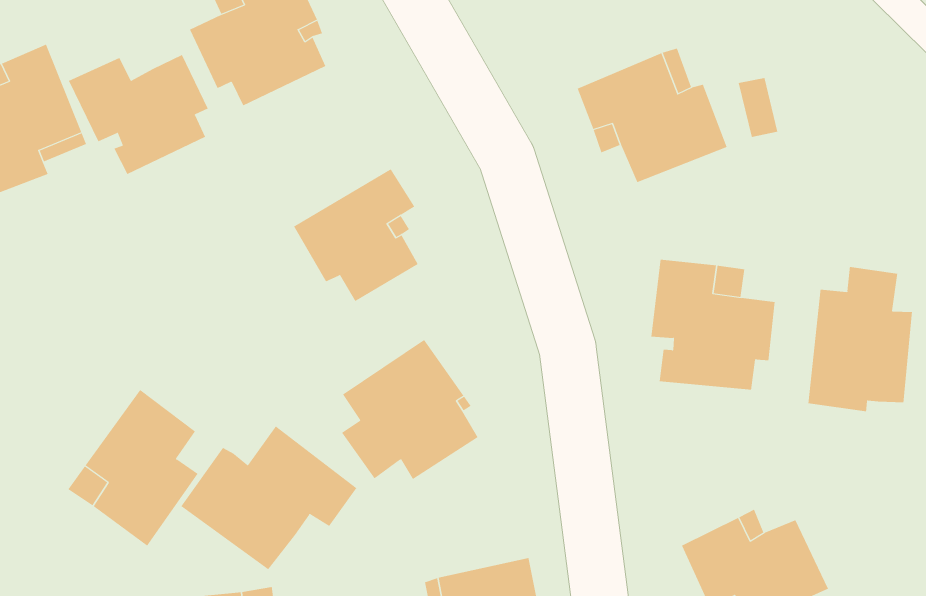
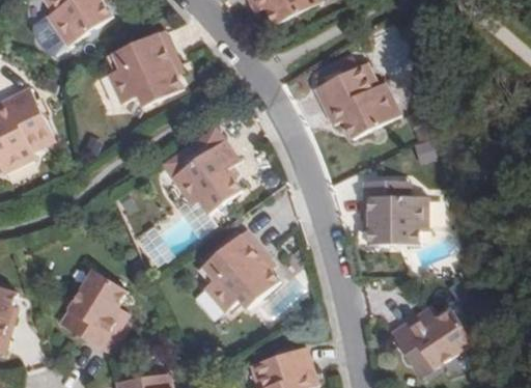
building: [68,54,209,175] -> none
building: [808,266,913,412] -> none
building: [180,426,357,570] -> none

